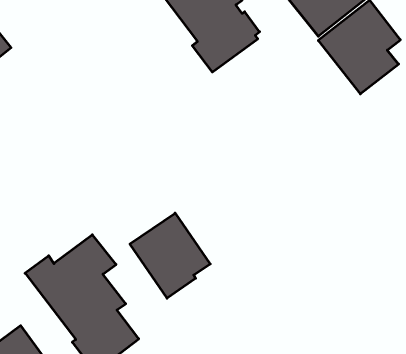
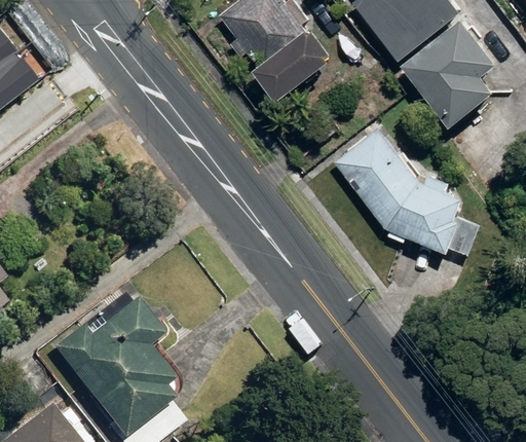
building: none -> [335,128,481,257]
building: [130,213,210,298] -> none

